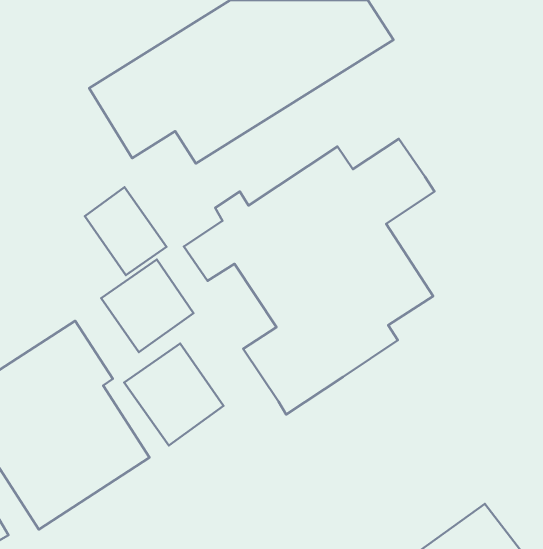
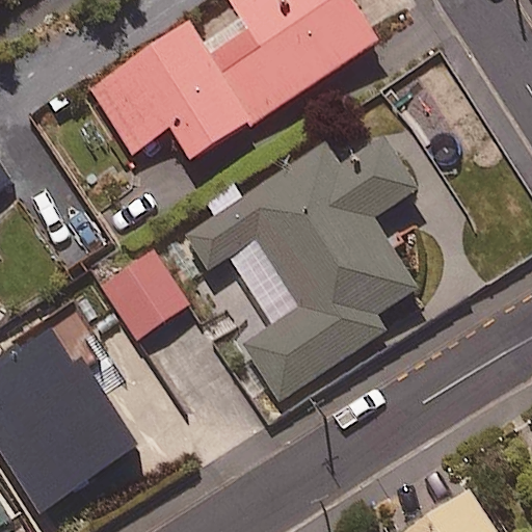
building: [85,187,167,275] -> none
building: [124,343,223,445] -> none

